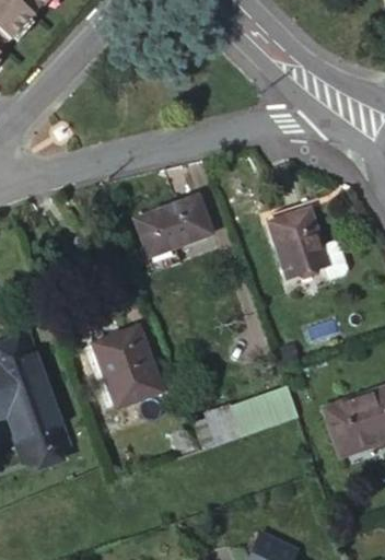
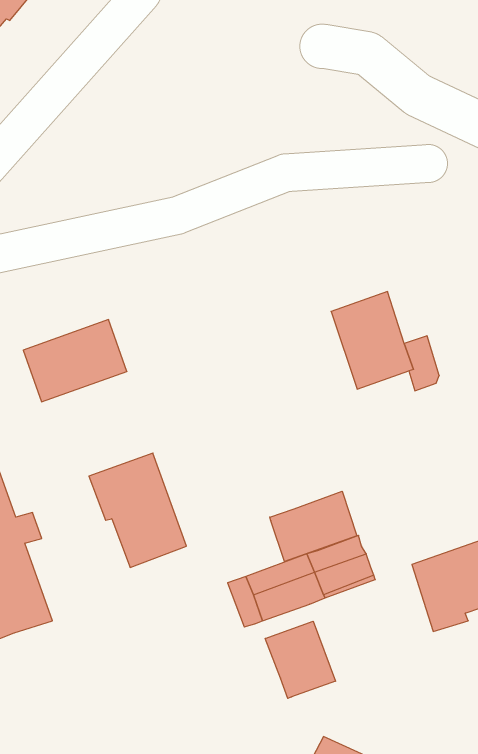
building: [136,198,210,257] -> [23,320,127,402]
building: none -> [270,491,357,562]
building: none -> [265,621,336,698]

